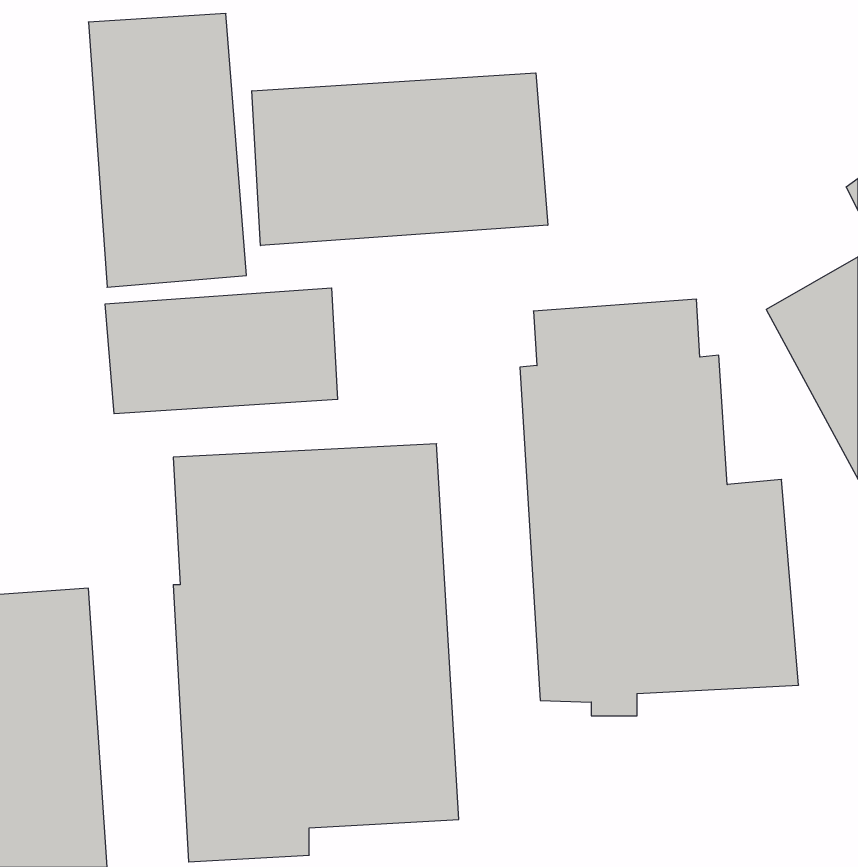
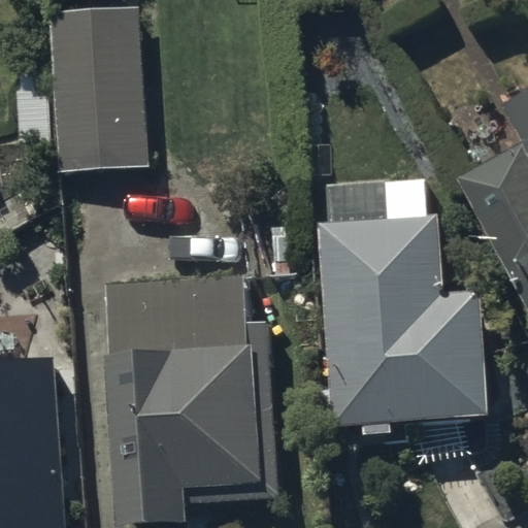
building: [252,73,548,246] -> none
building: [105,288,338,414] -> none

